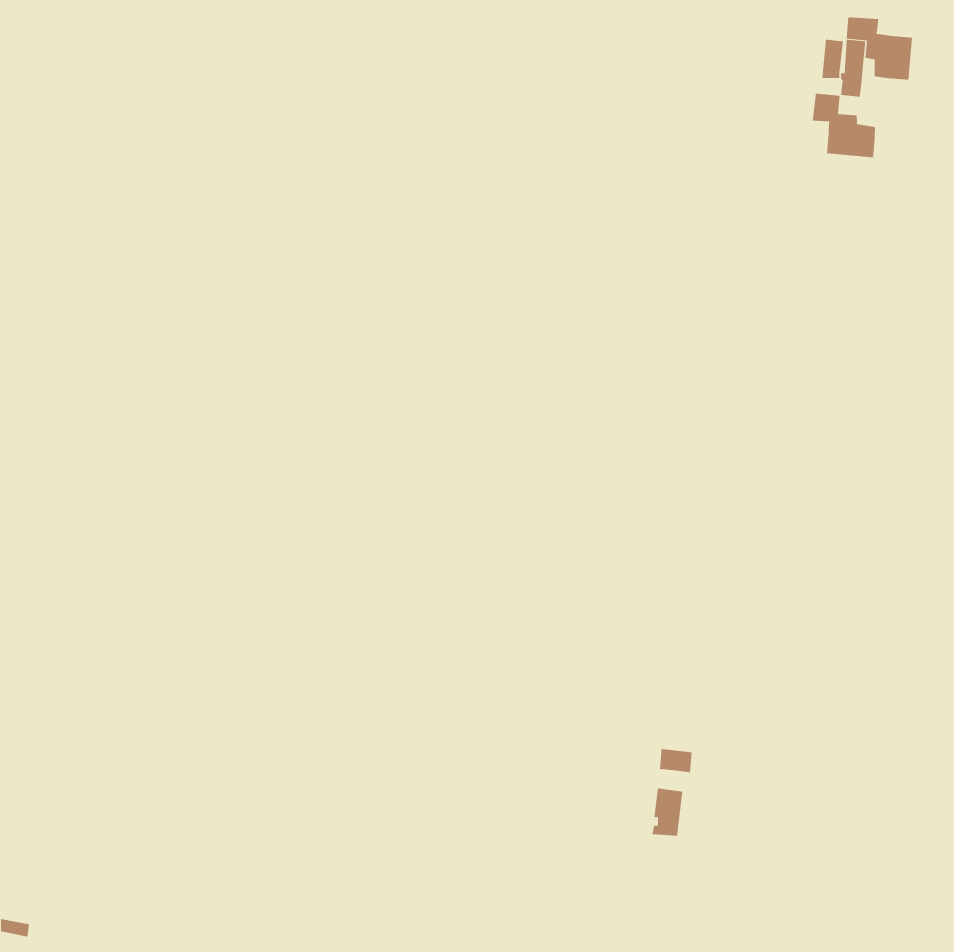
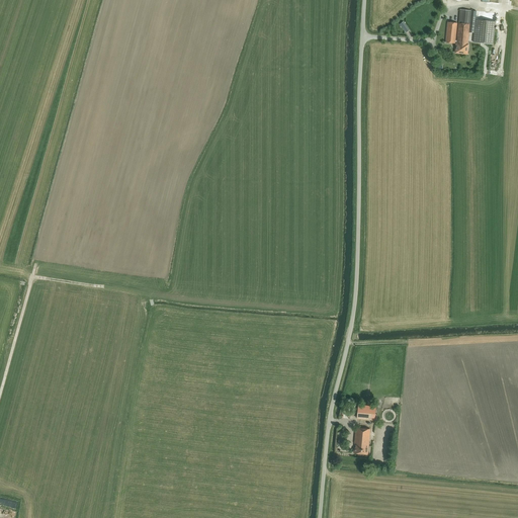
building: [812,93,876,158] -> none

